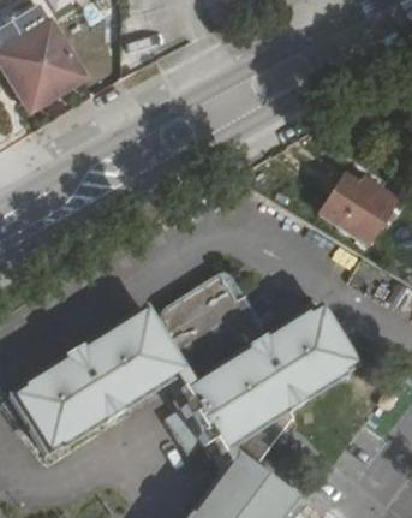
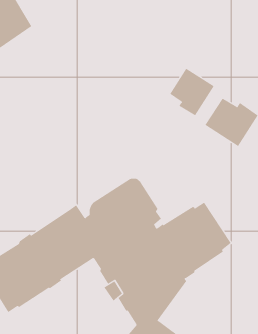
building: none -> [170,68,214,116]

